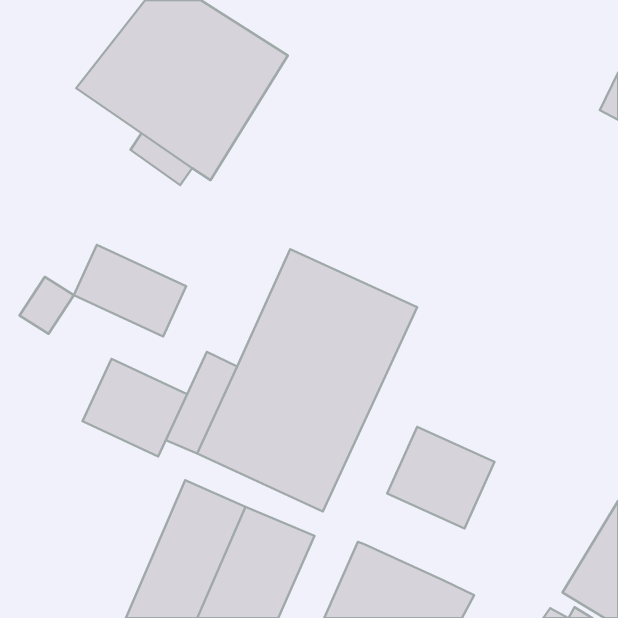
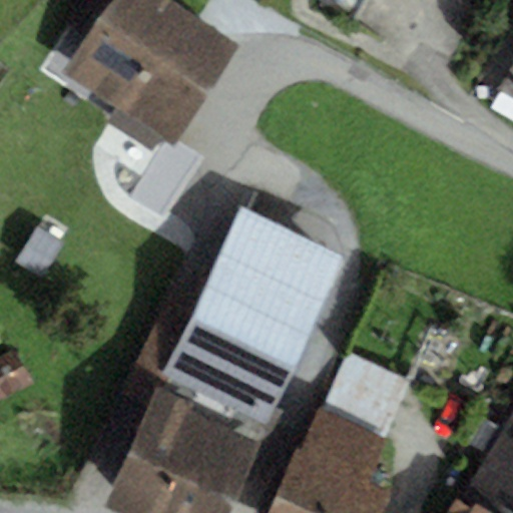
building: [74,245,186,336] -> none
building: [82,359,187,456] -> none
building: none -> [302,409,387,481]

